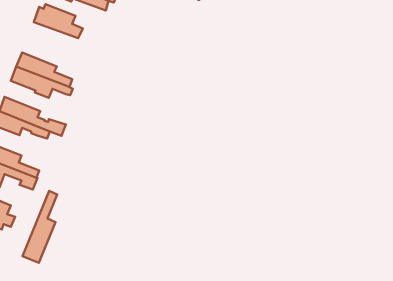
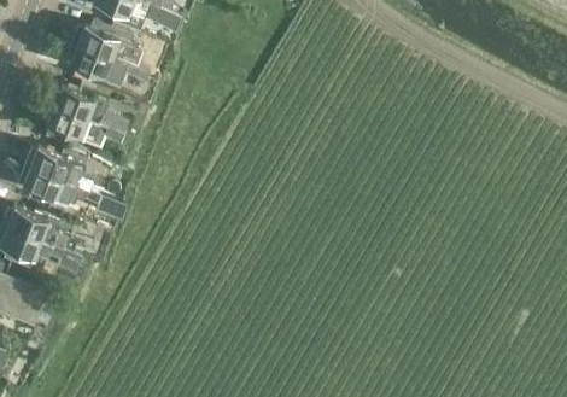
building: none -> [69,45,148,82]
building: [23,191,57,263] -> none

